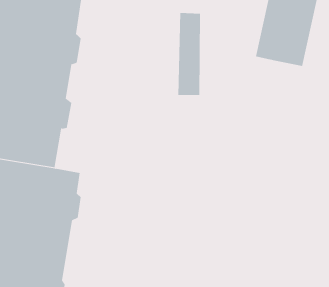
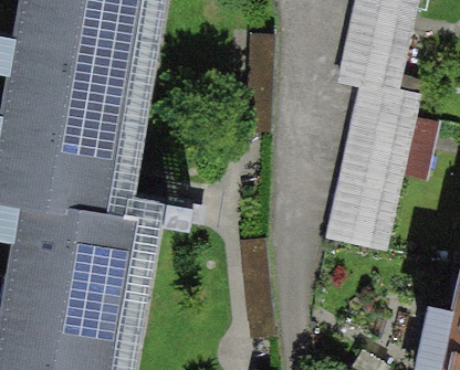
building: none -> [327,85,419,252]

